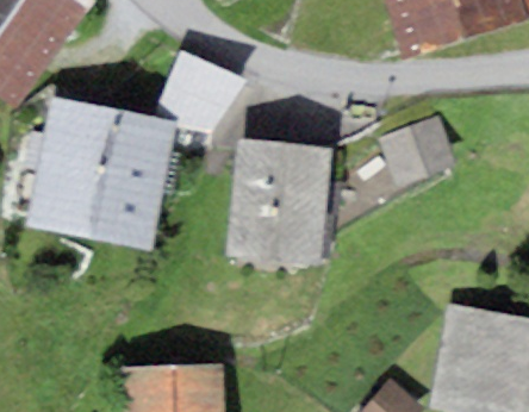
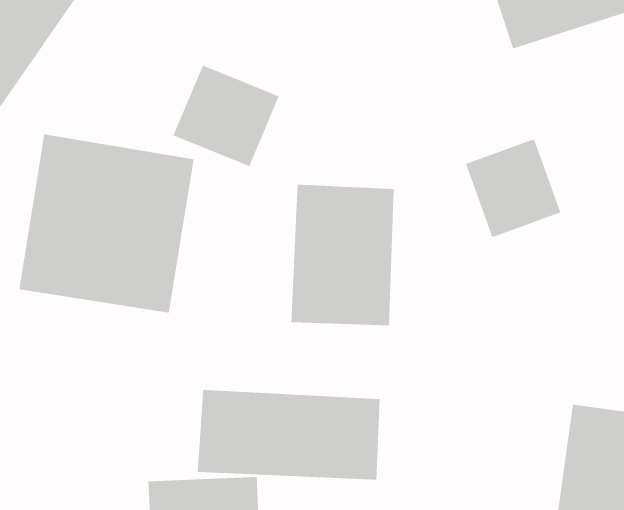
building: none -> [197,389,380,481]

